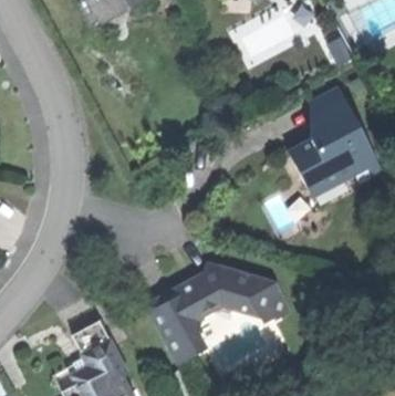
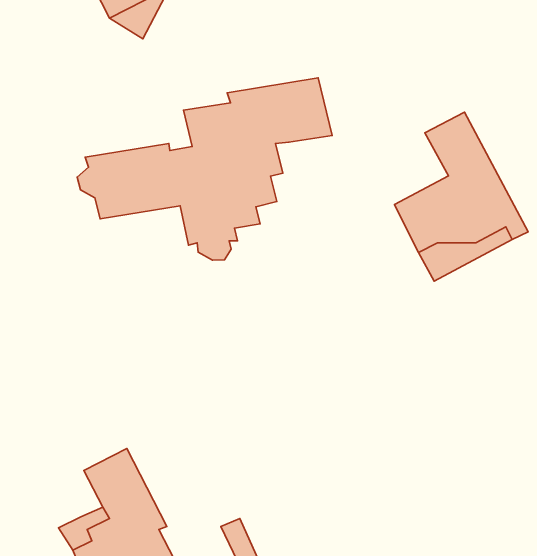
building: none -> [77,78,332,260]
building: [145,263,285,359] -> none

